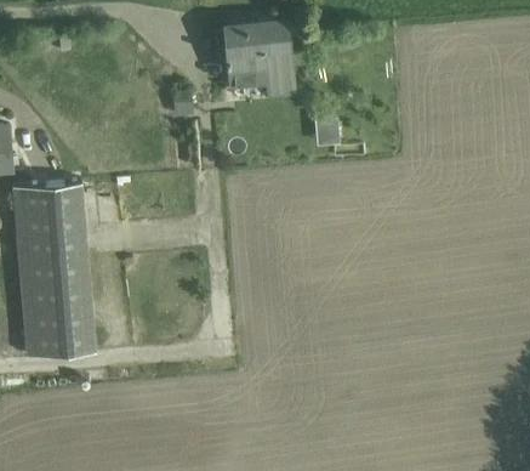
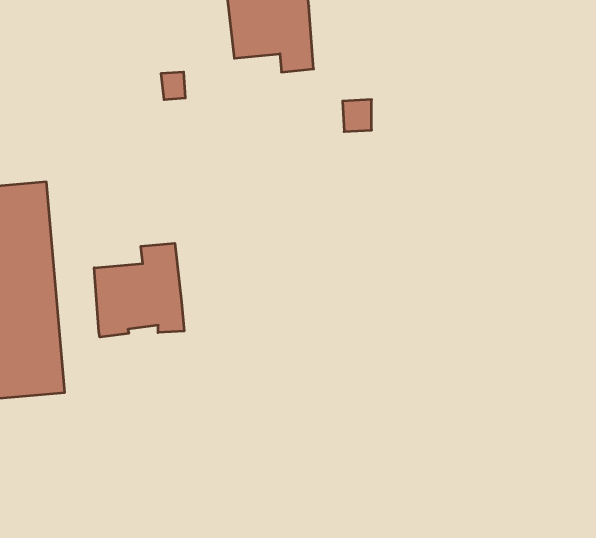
building: none -> [94,243,184,337]

